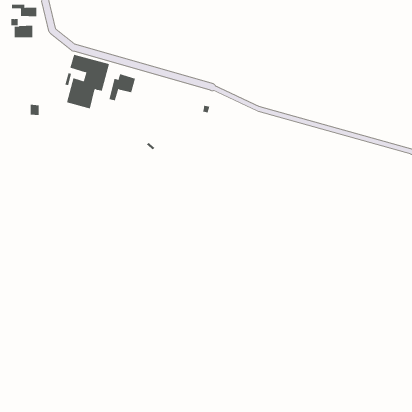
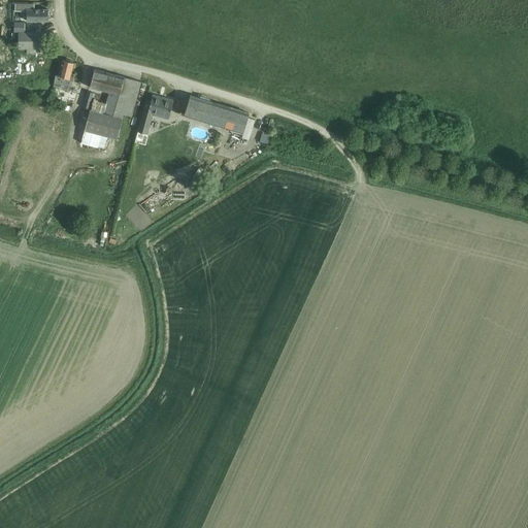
building: none -> [52,60,72,91]
building: none -> [184,97,249,135]

